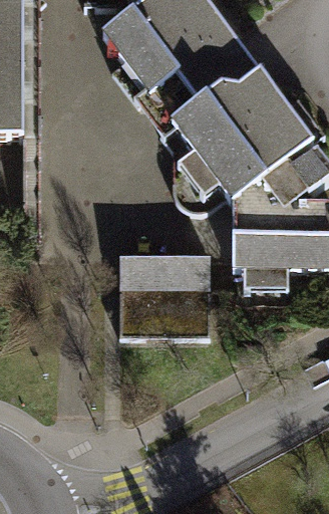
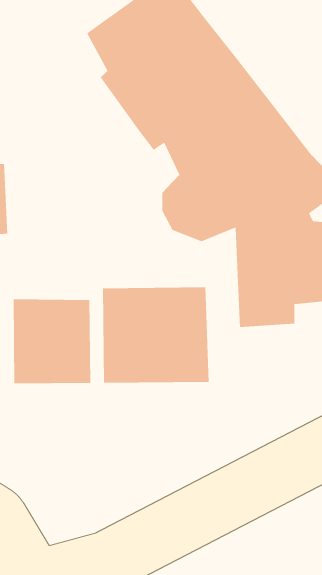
building: none -> [13,298,91,384]

